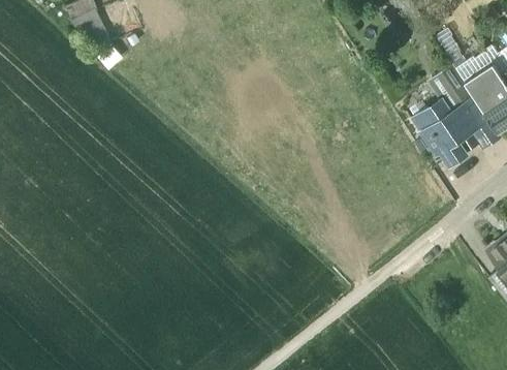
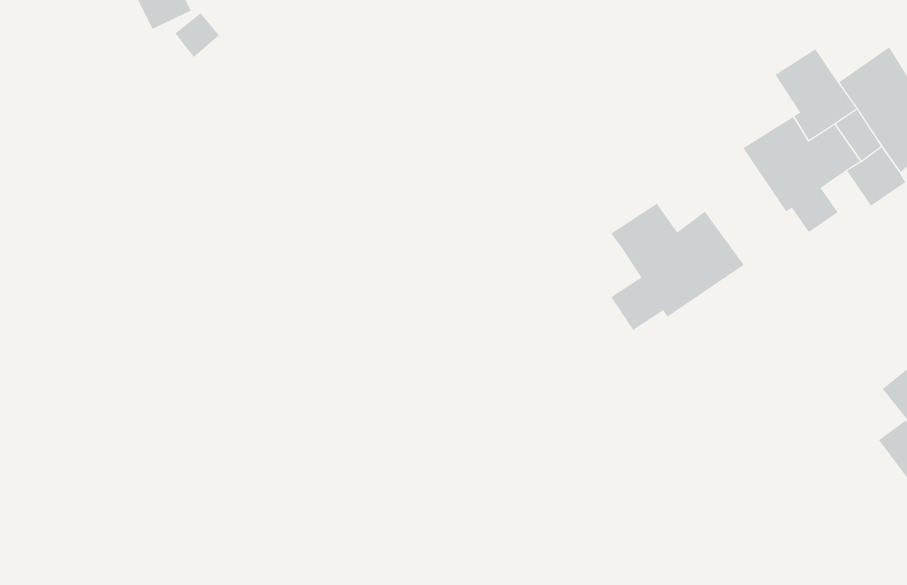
building: none -> [610,203,745,331]

